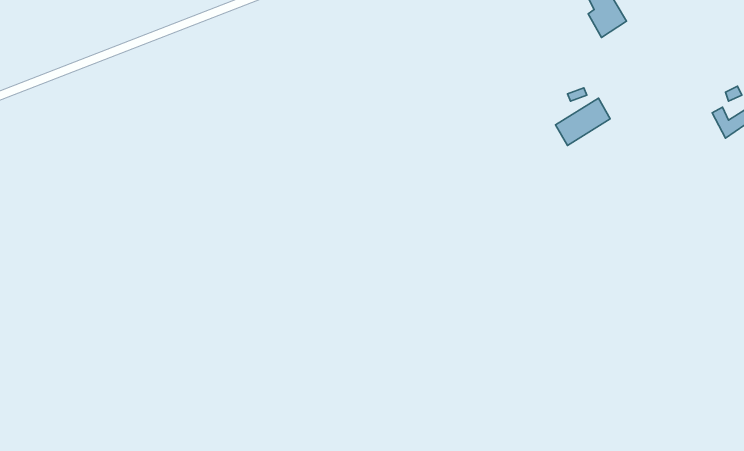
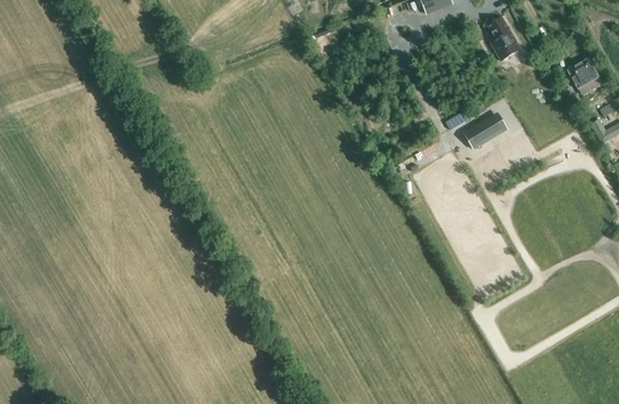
building: none -> [568,59,601,94]

